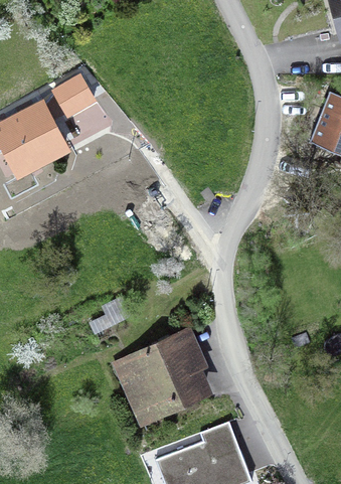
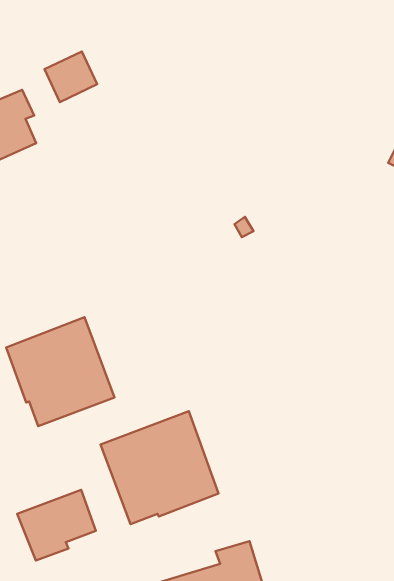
building: none -> [6,317,115,426]
building: none -> [17,490,96,560]

